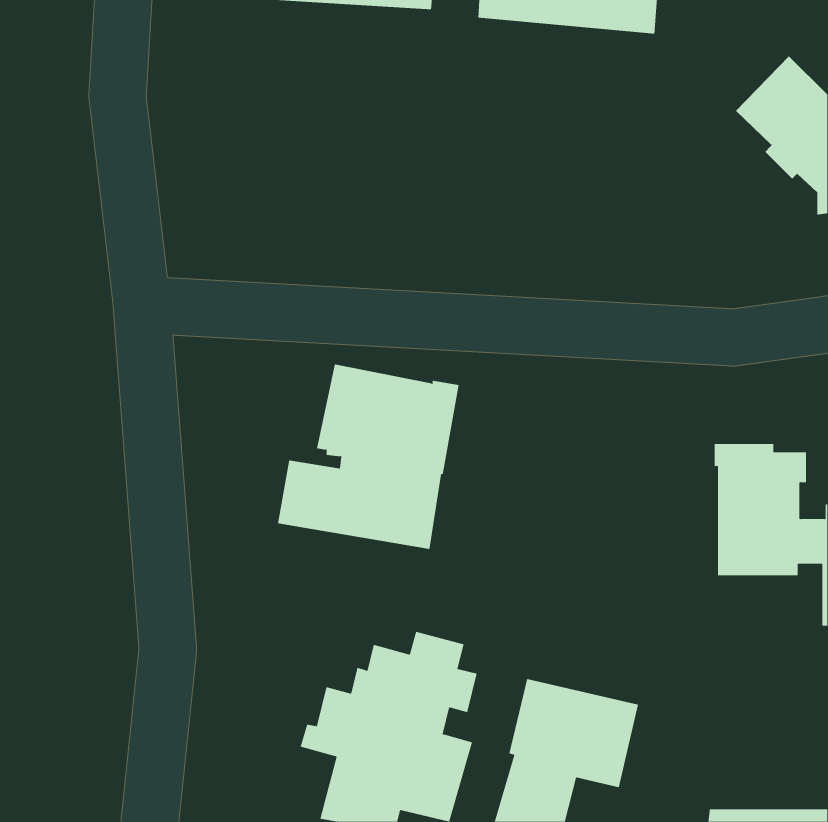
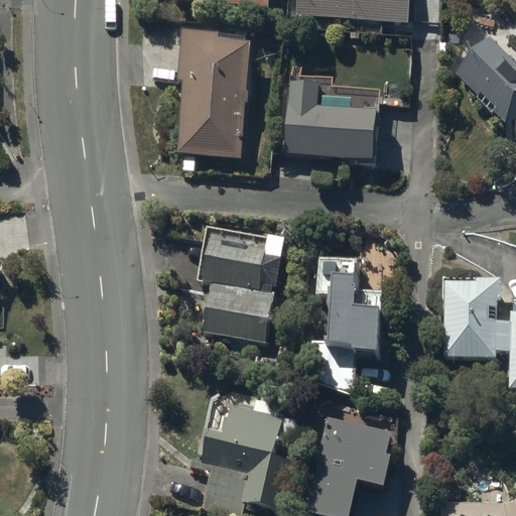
building: none -> [177,32,250,156]
building: none -> [283,81,393,159]
building: none -> [316,260,383,355]

